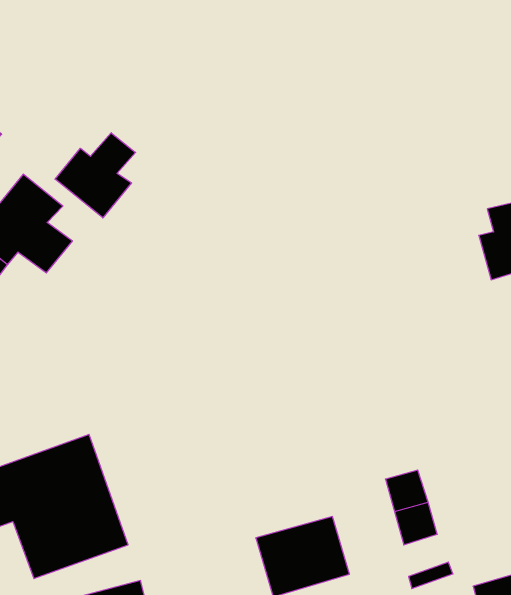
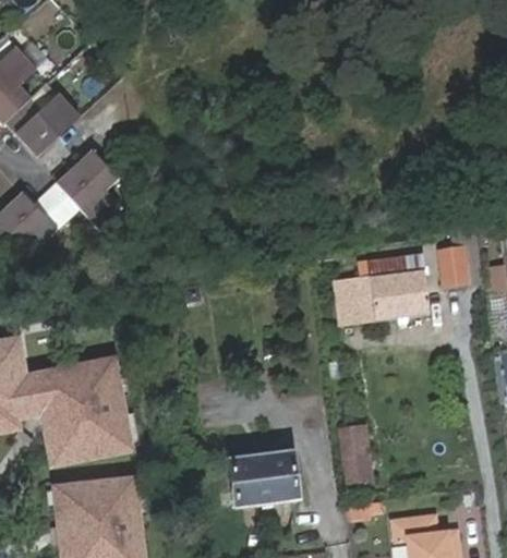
building: [55,133,136,218] -> none
building: none -> [335,253,430,324]

